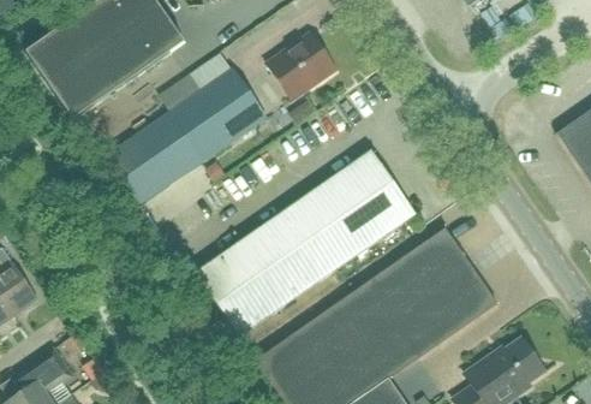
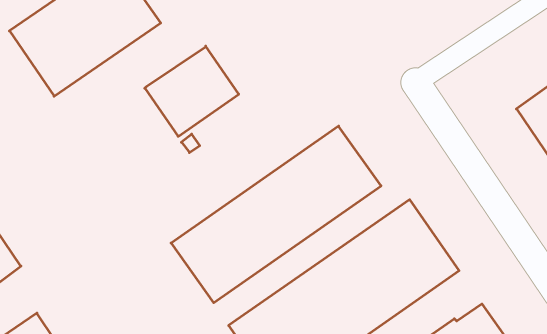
building: [265,32,334,99] -> none
building: [111,112,202,200] -> none

